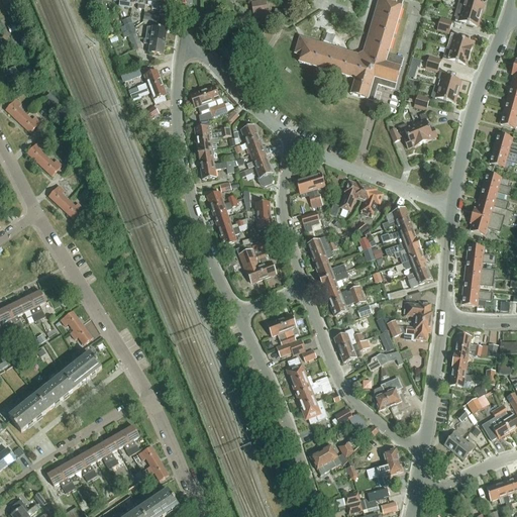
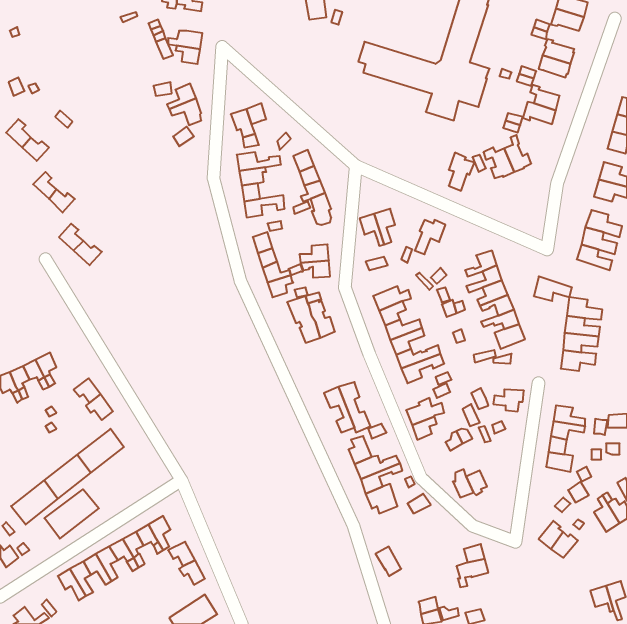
building: [361,185,383,216] -> [449,153,475,191]
building: [471,213,502,233] -> [534,276,572,301]
building: [404,302,432,321] -> none
building: none -> [44,489,99,539]
building: [320,439,353,468] -> none

